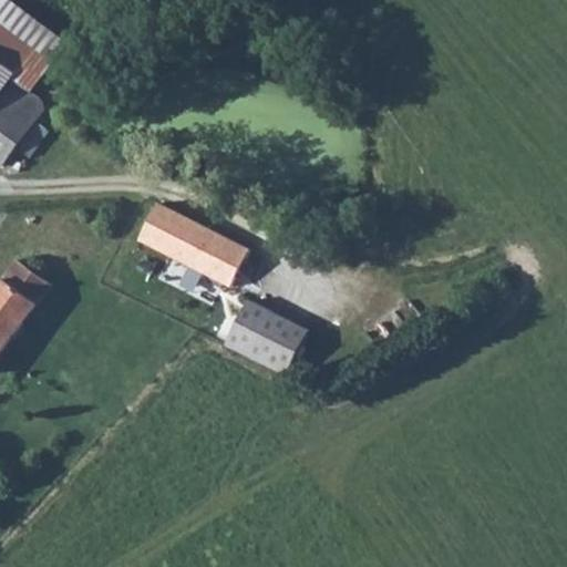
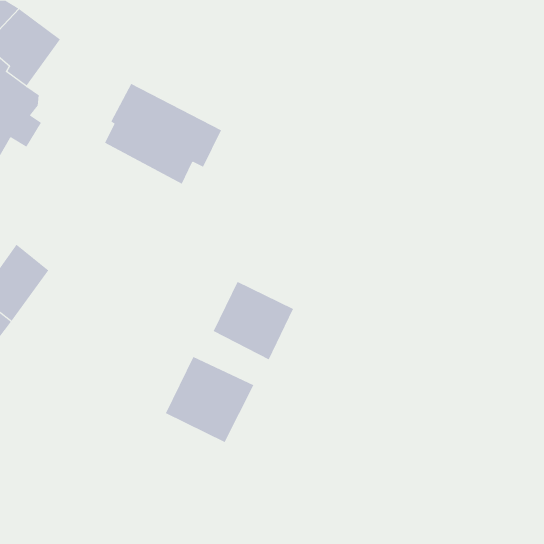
building: [128,199,250,305] -> [104,83,222,185]
building: none -> [165,356,254,443]

